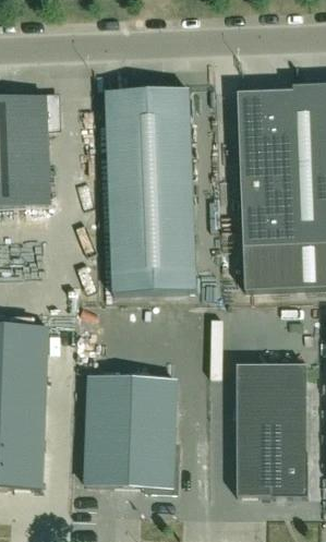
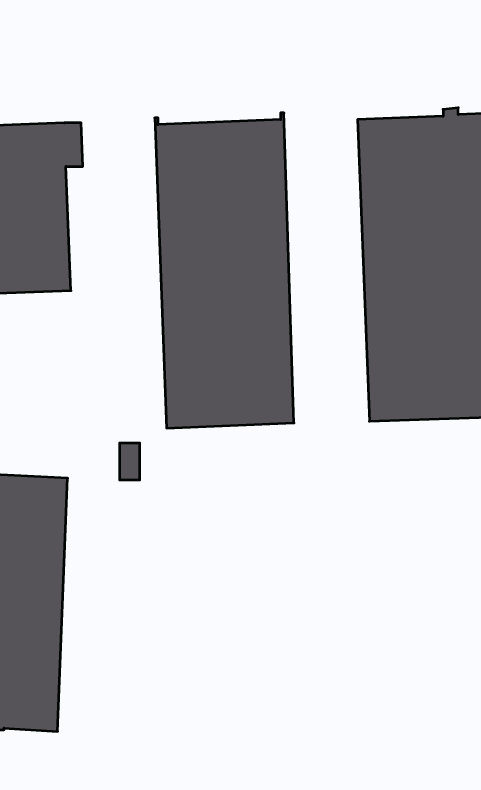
building: [236,363,307,495] -> none
building: [84,374,178,491] -> none

